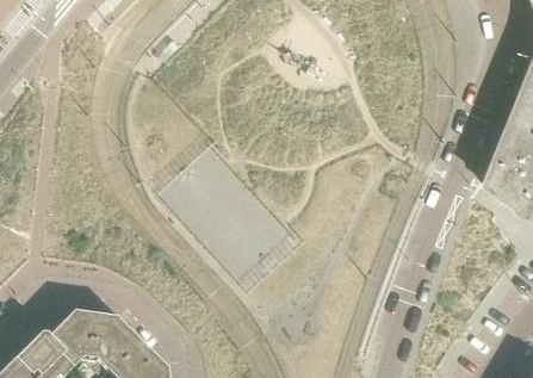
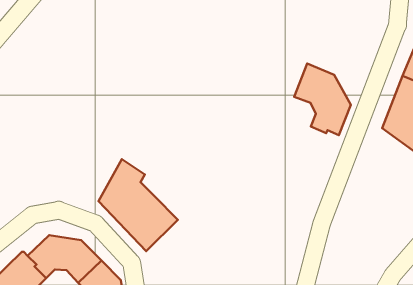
building: none -> [294,64,351,135]
building: none -> [98,159,178,251]

